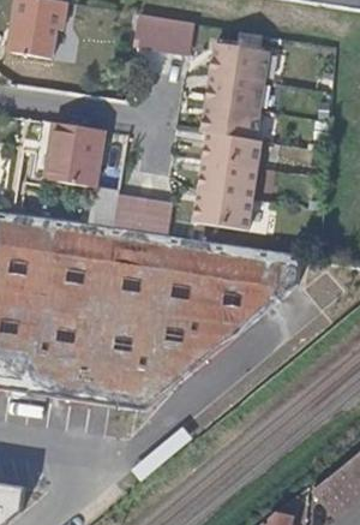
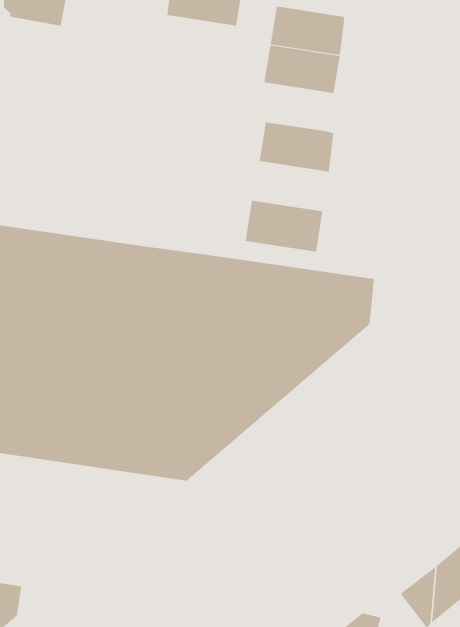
building: [202,102,260,139] -> none
building: [42,121,102,187] -> none
building: [197,162,257,201] -> none
building: [114,189,173,234] -> none

